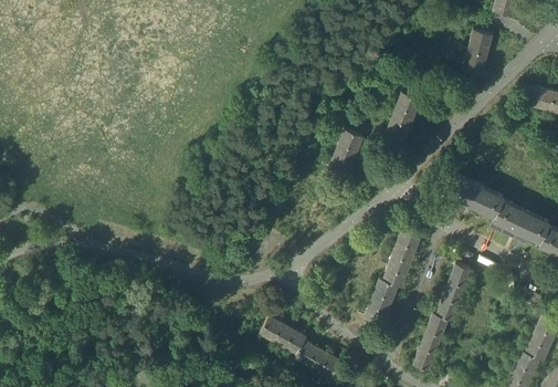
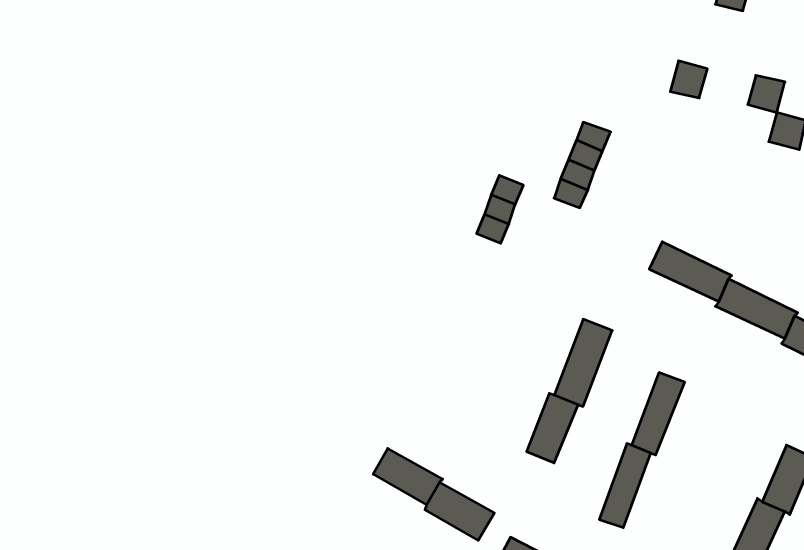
building: [467,31,493,56] -> [748,75,785,113]

